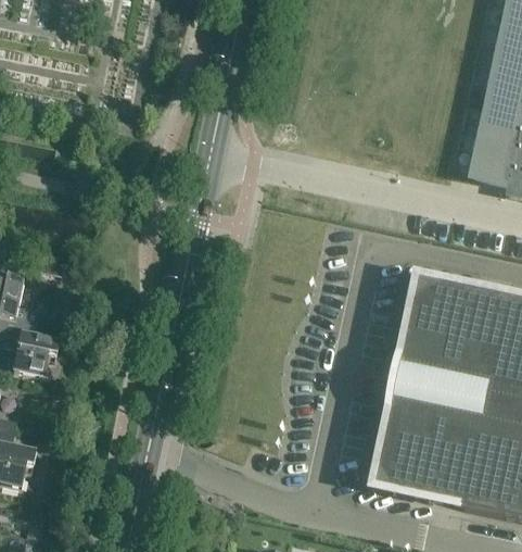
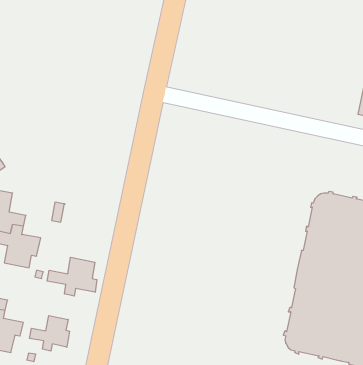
building: none -> [47,257,97,296]
building: none -> [30,316,70,351]

